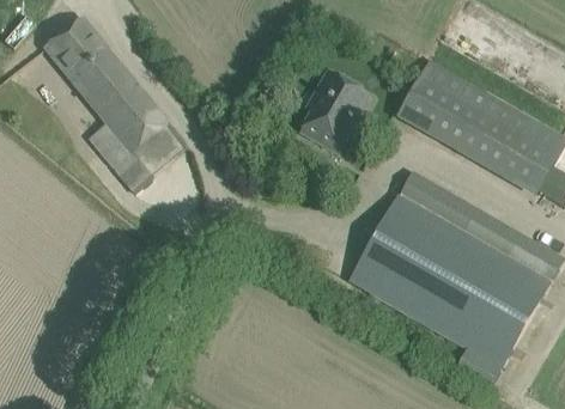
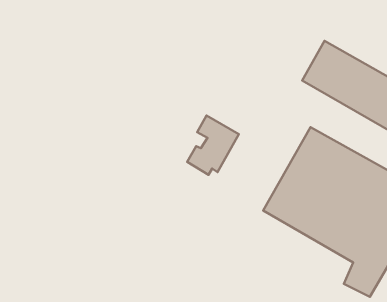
building: [44,18,183,193] -> none
building: [302,72,369,148] -> [187,116,239,175]

